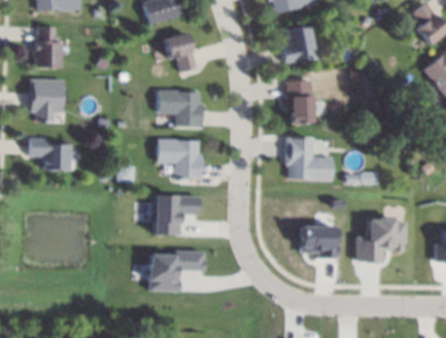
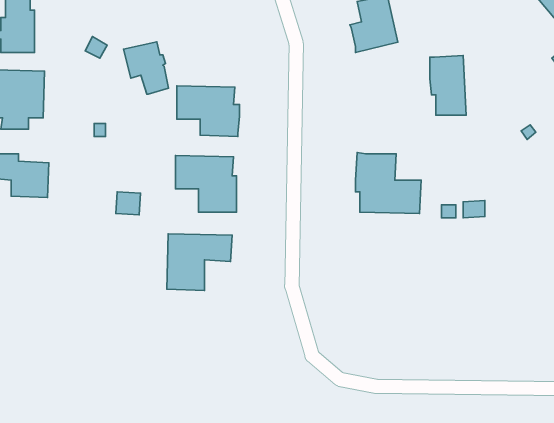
building: [165,33,197,70] -> [123,42,168,94]
building: [287,80,313,123] -> [430,56,466,115]
building: [355,218,406,262] -> none
building: [300,225,337,258] -> none
building: [147,250,204,291] -> none

